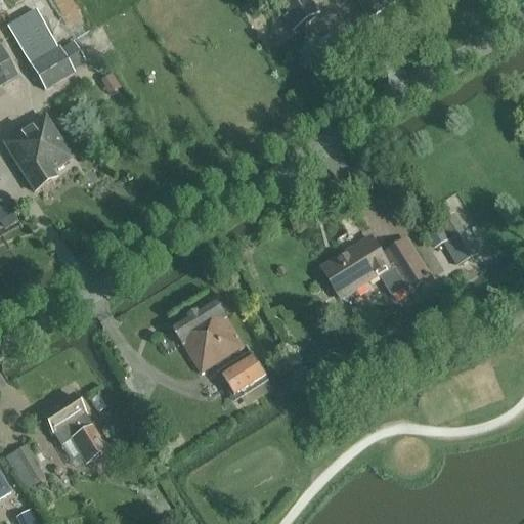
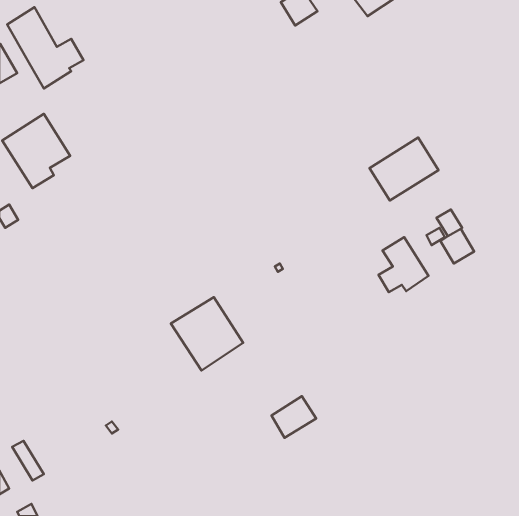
building: [321,235,391,299] -> [369,137,439,201]
building: [222,354,267,396] -> [271,396,316,438]
building: [40,392,107,464] -> none

